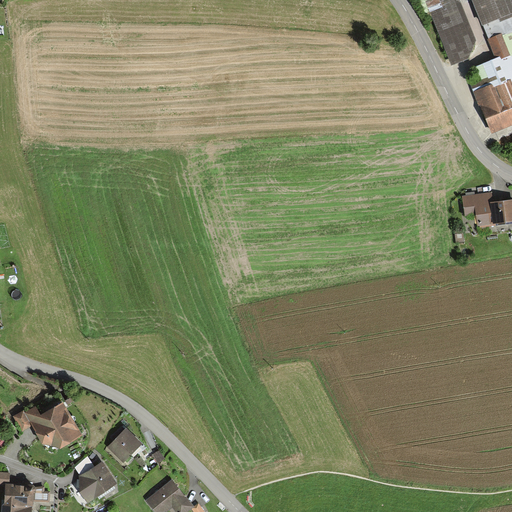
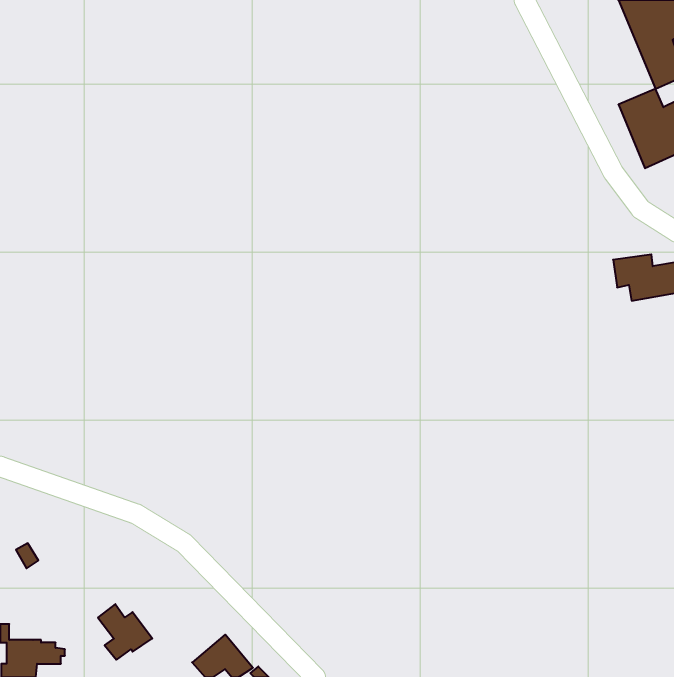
building: [431,4,473,62] -> none
building: [36,403,76,442] -> none
building: [109,424,141,462] -> none

